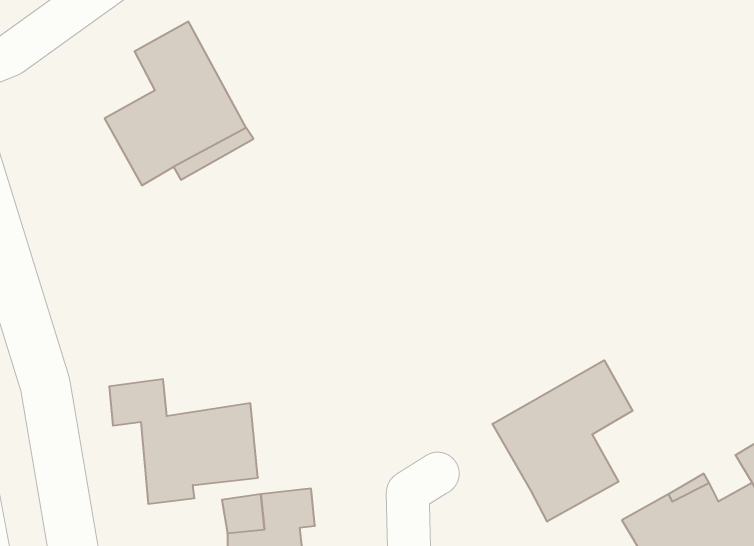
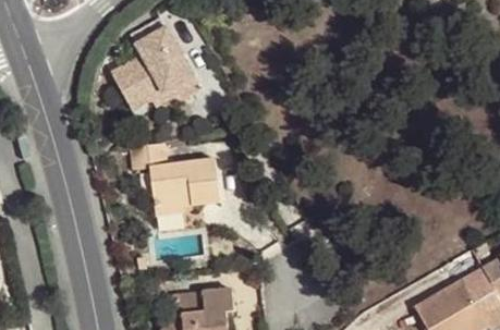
building: [492,360,633,522] -> none
building: [109,379,258,504] -> [132,143,219,216]

